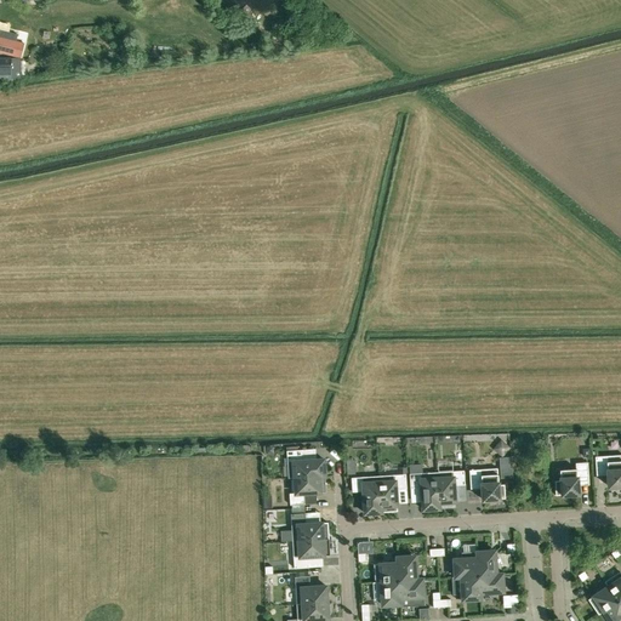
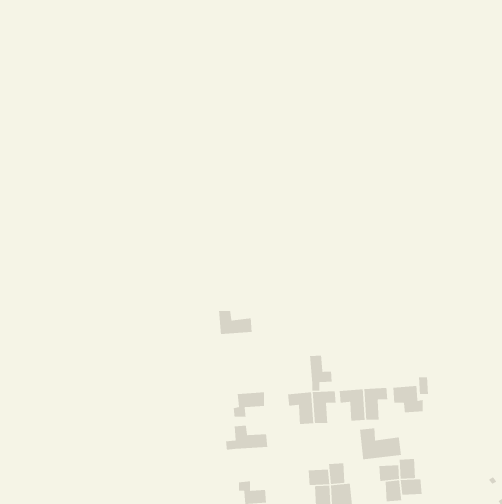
building: none -> [309,355,332,392]
building: [286,450,325,478] -> [218,310,252,335]
building: [554,462,588,495] -> none
building: none -> [359,427,402,460]
building: [292,539,330,569] -> none

